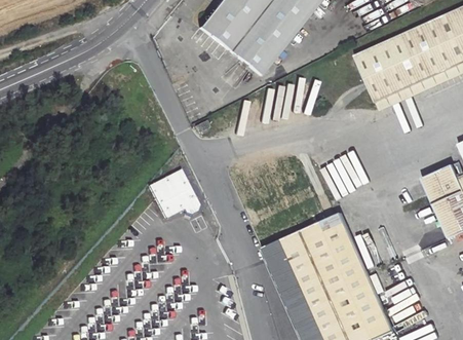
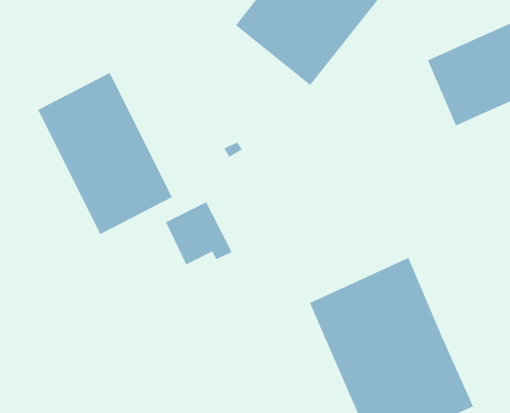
building: none -> [37,72,173,235]

